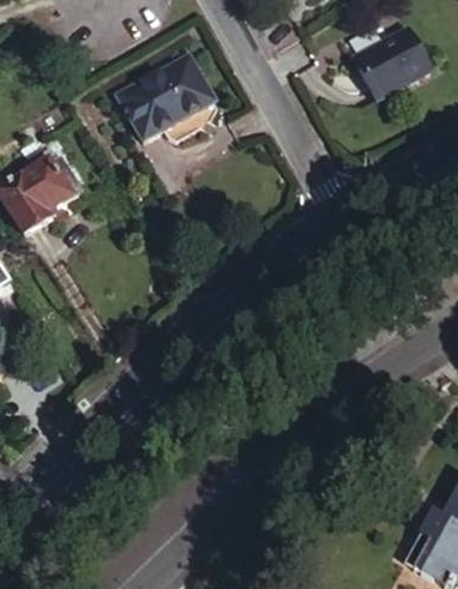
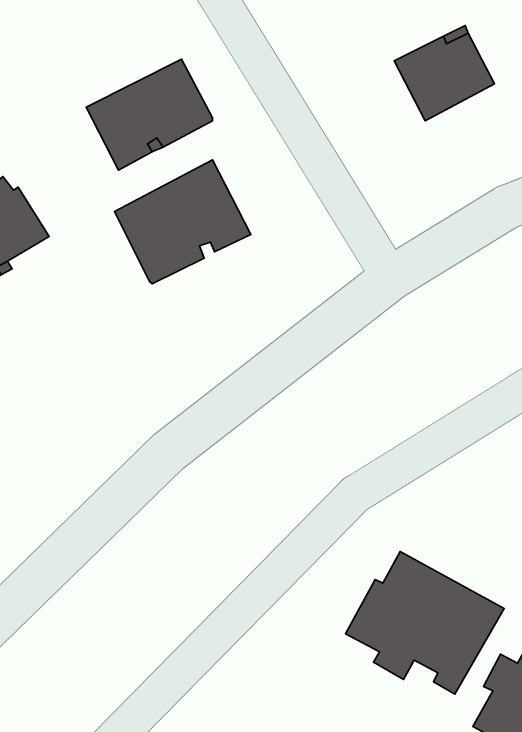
building: none -> [114,160,251,284]
building: none -> [345,552,504,694]

